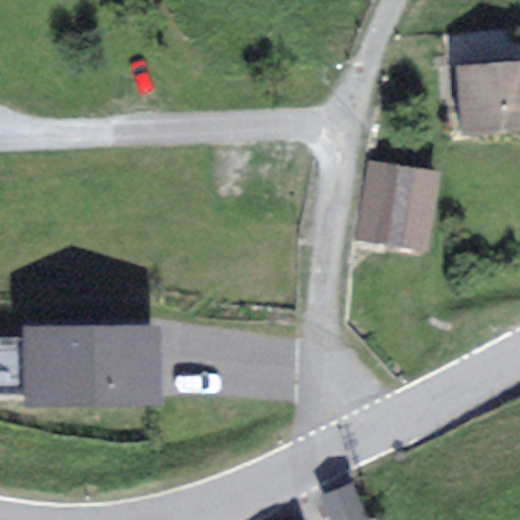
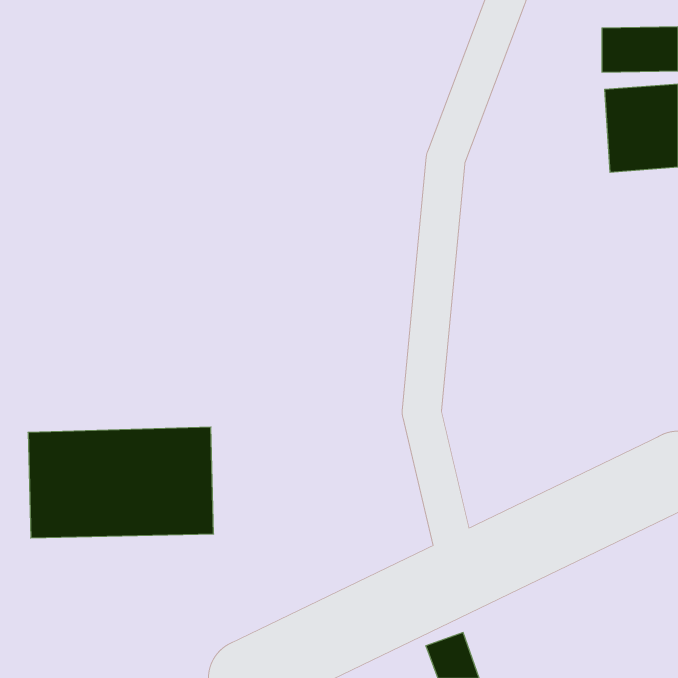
building: [354,164,424,242] -> none

